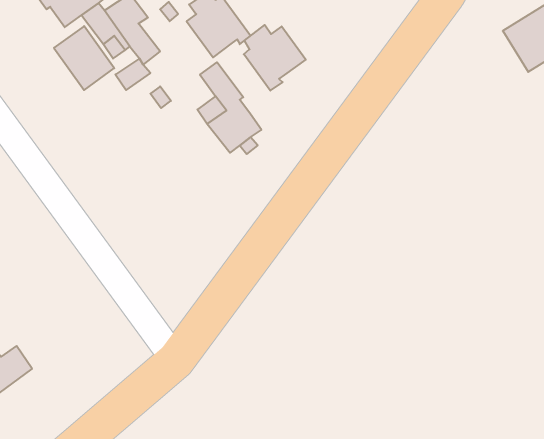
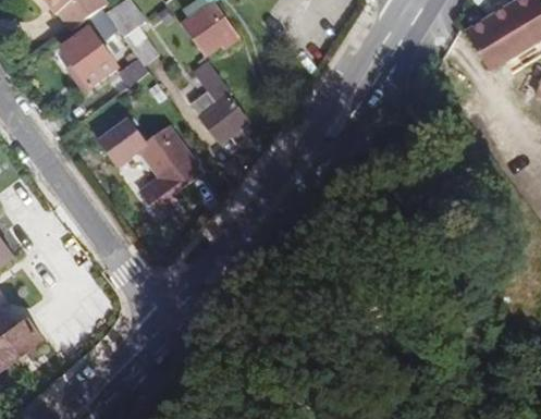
building: [244,25,306,91] -> none
building: none -> [98,119,202,218]

